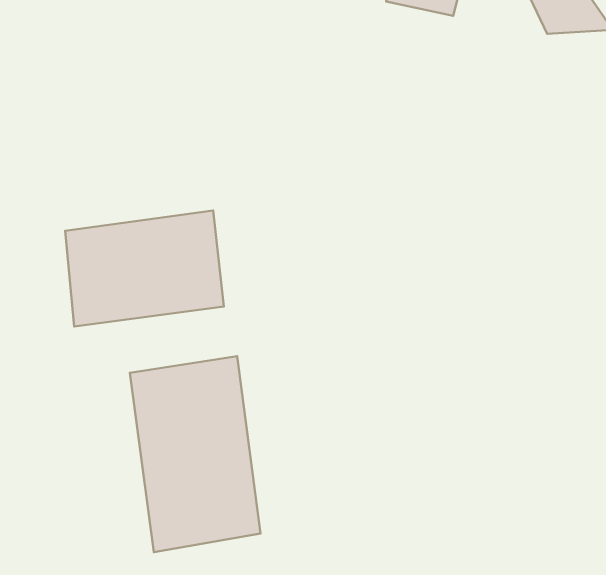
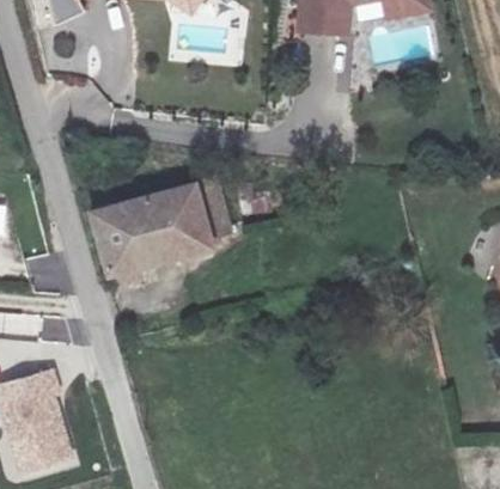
building: [130,356,260,552] -> none

